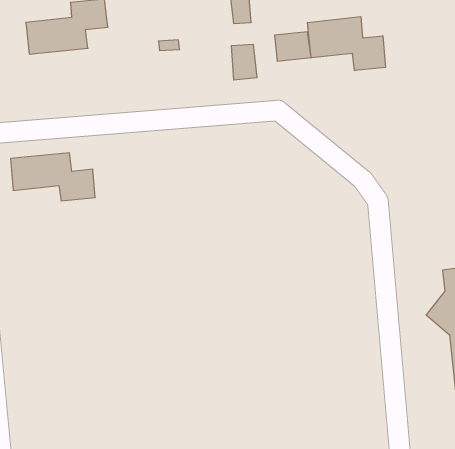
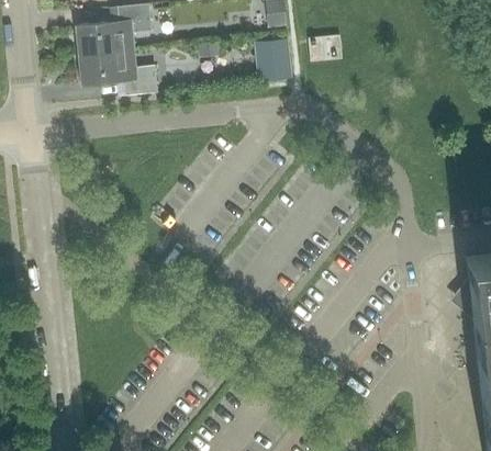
building: [308,17,385,71] -> none
building: [11,153,95,201] -> [78,50,157,95]

